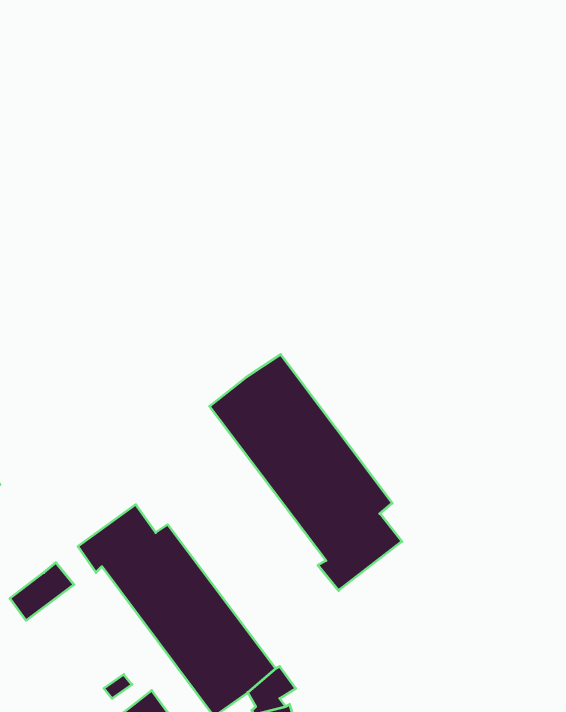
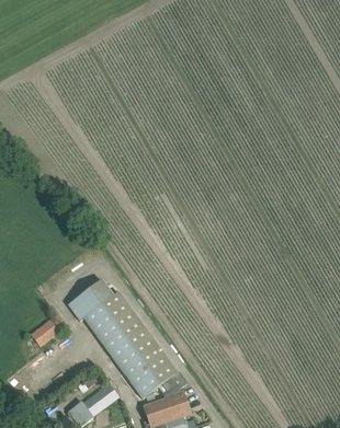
building: [210,354,402,591] -> none

